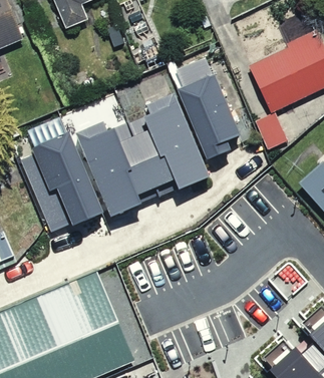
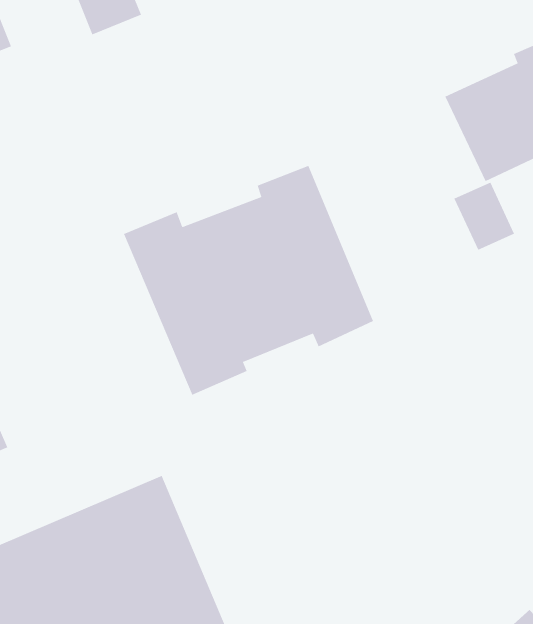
building: [179,61,246,169] -> none
building: [24,139,109,238] -> none

